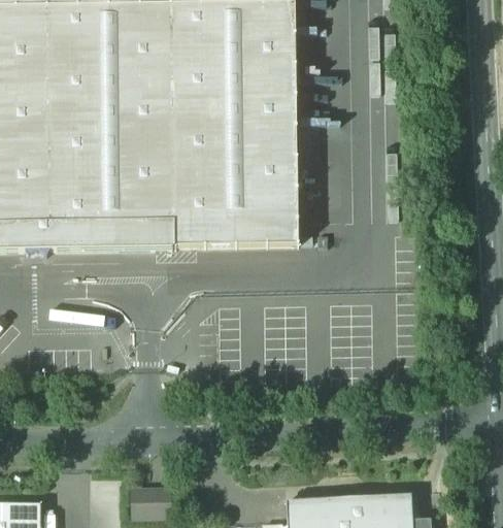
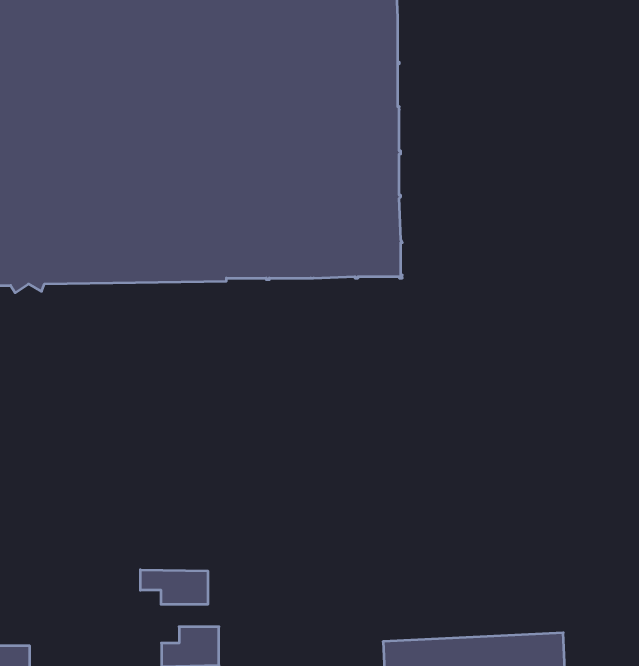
building: none -> [140,570,208,604]

